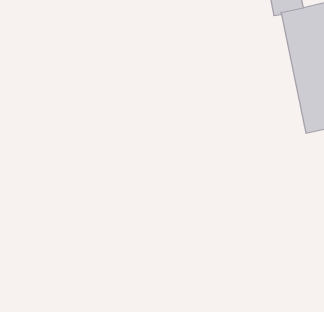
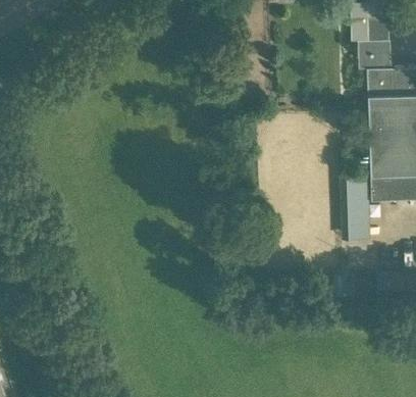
building: none -> [346,175,369,239]

